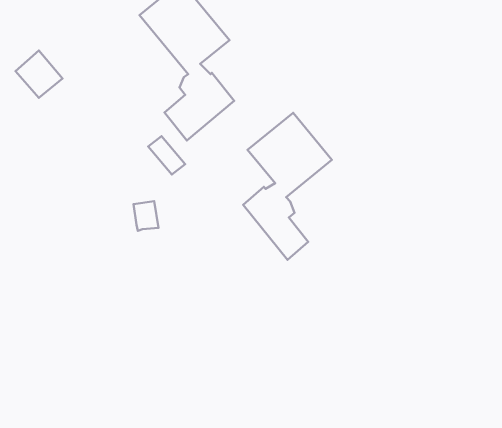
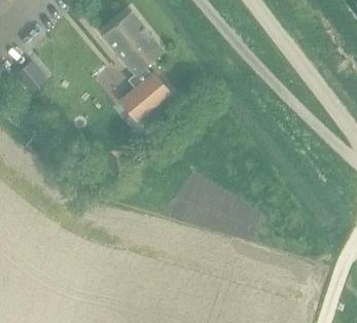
building: [243,113,332,260] -> none

